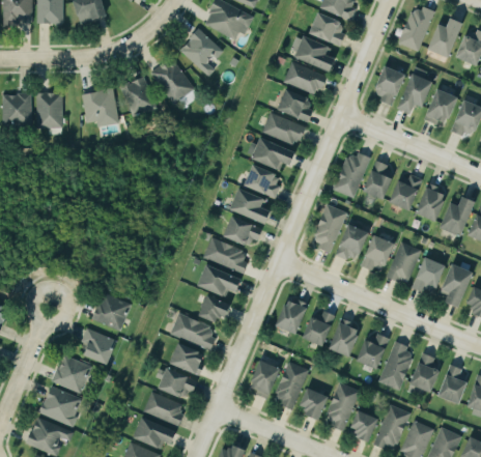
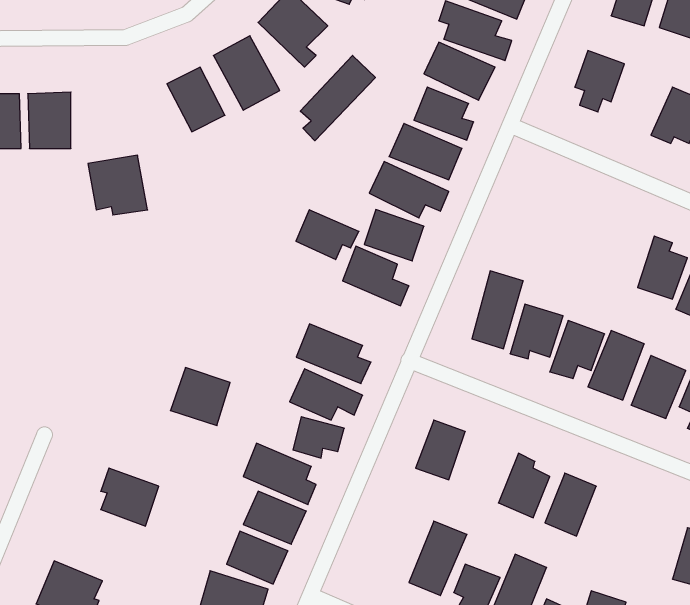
building: [398,67,434,115] -> none
building: none -> [300,55,375,141]
building: [81,89,118,126] -> [88,155,148,215]
building: [333,149,370,198] -> none
building: [363,161,393,201] -> none
building: [391,174,421,210] -> none
building: [224,217,263,248] -> [296,210,359,260]
building: [92,292,130,329] -> [170,368,230,426]
building: [303,309,335,347] -> none
building: [379,341,412,390] -> none
building: [412,353,438,392] -> none
building: [53,354,90,392] -> none
building: [248,359,282,397] -> none

